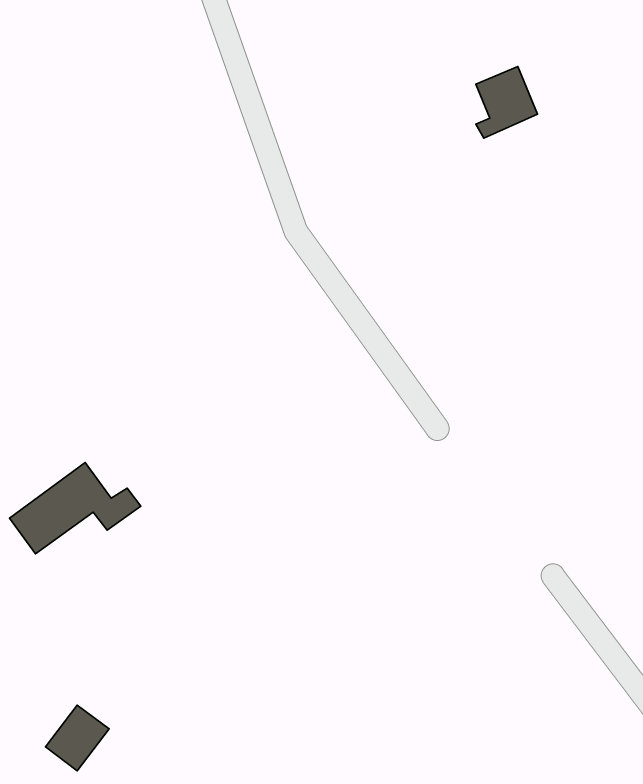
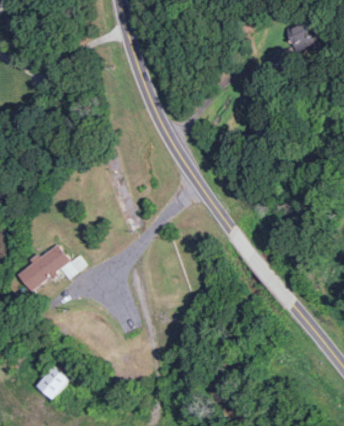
building: [476,66,538,138] -> [287,20,318,56]

